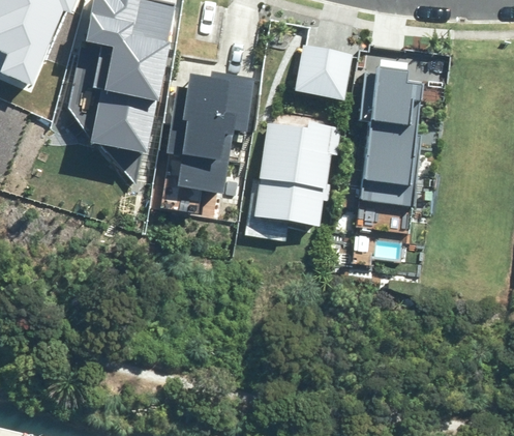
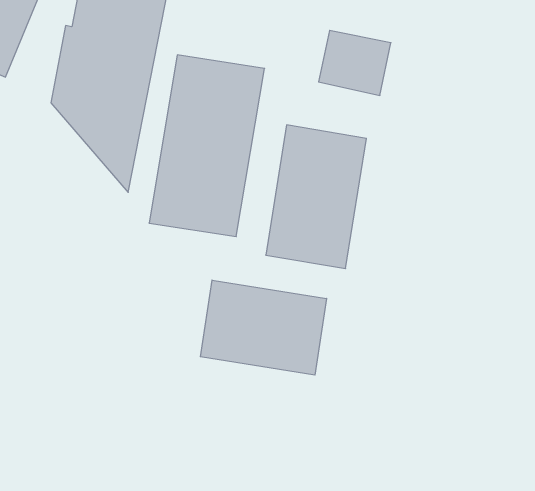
building: [355,63,428,204] -> none
building: none -> [200,280,327,375]

